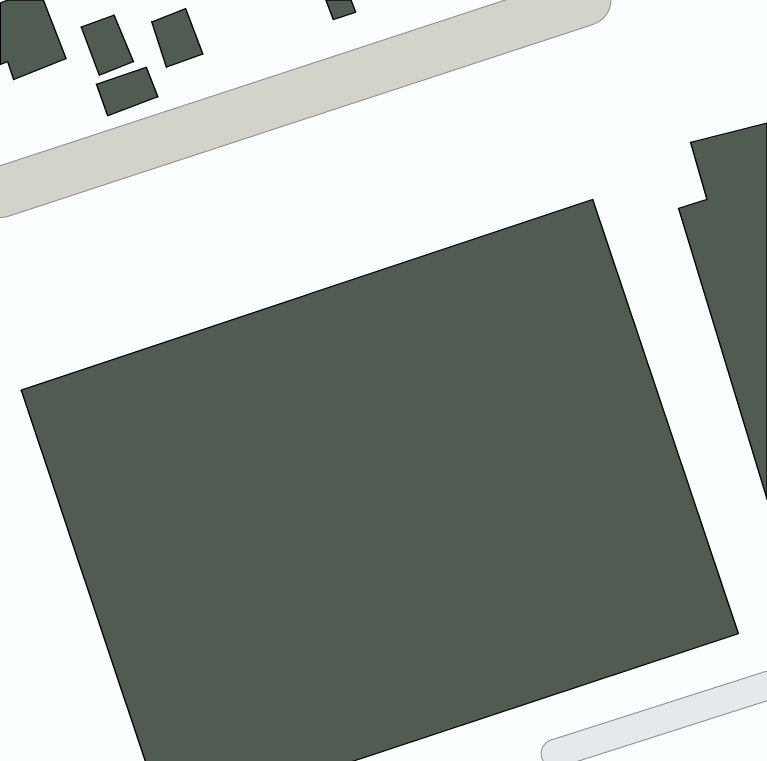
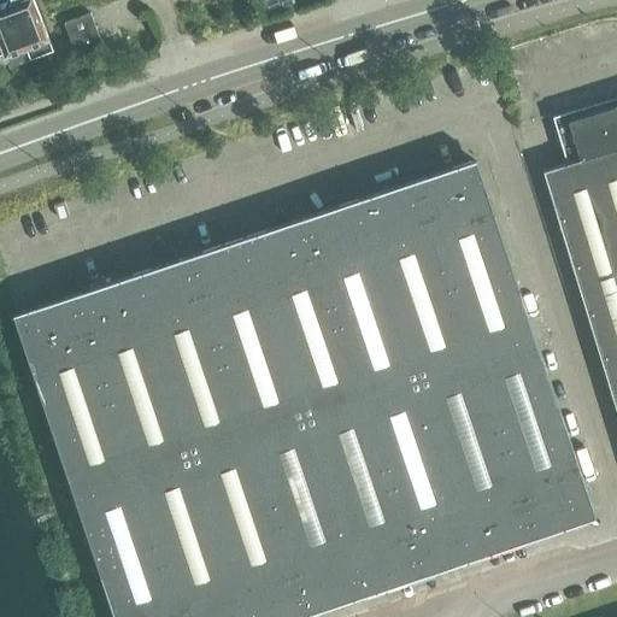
building: [152,9,203,67] -> none
building: [96,67,158,116] -> none

